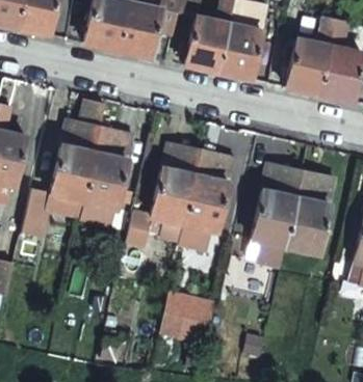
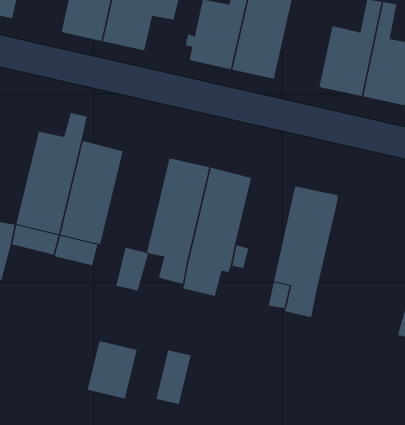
building: [284,171,334,253] -> none
building: [177,296,216,342] -> [87,340,138,399]

